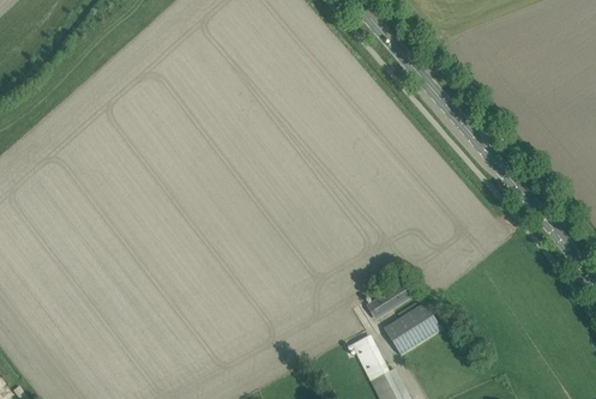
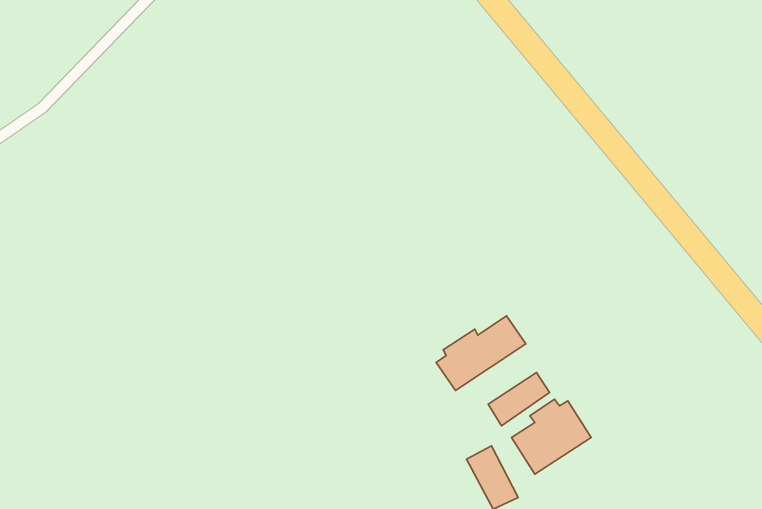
building: none -> [436,316,526,391]

